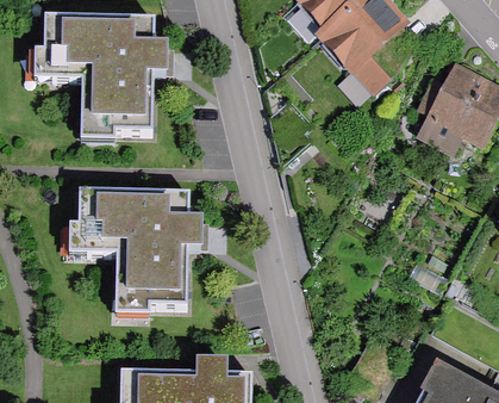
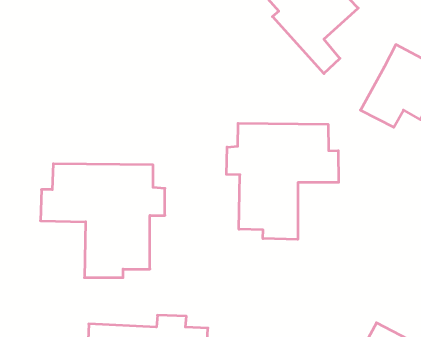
building: [29,17,167,143] -> none
building: none -> [226,123,339,239]

